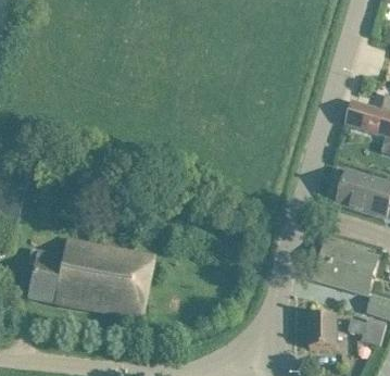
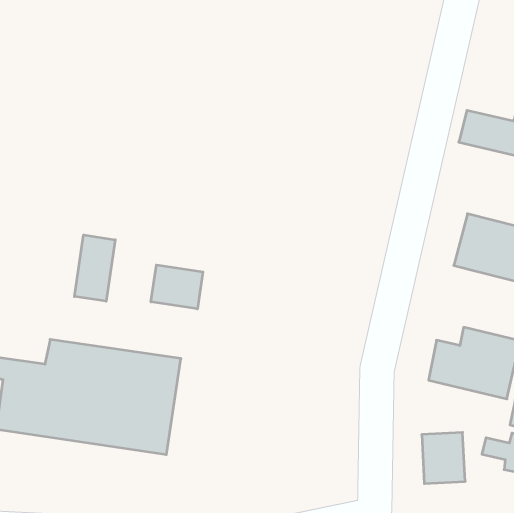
building: none -> [74,235,115,301]
building: none -> [151,265,203,309]

